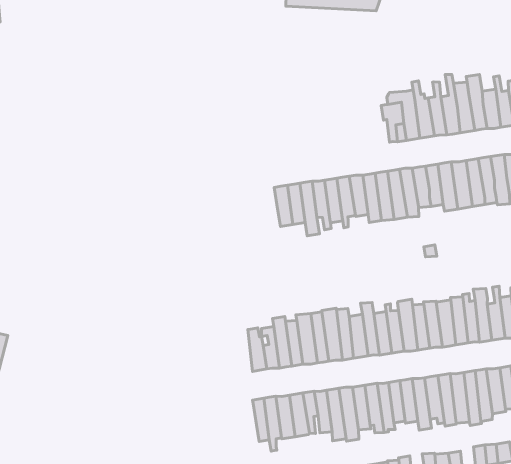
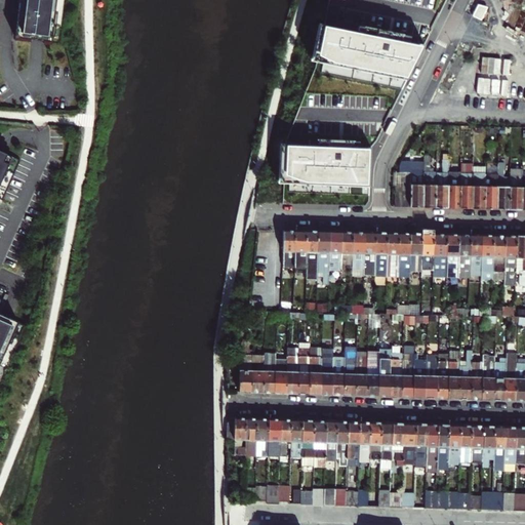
building: none -> [283,140,370,196]

